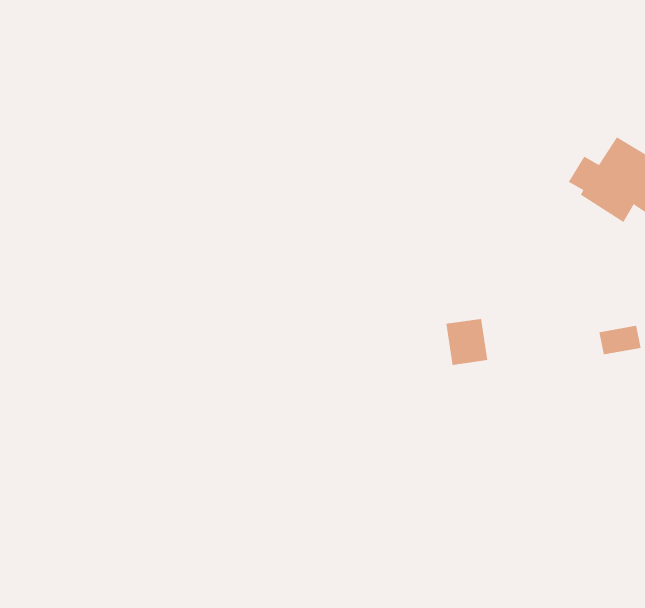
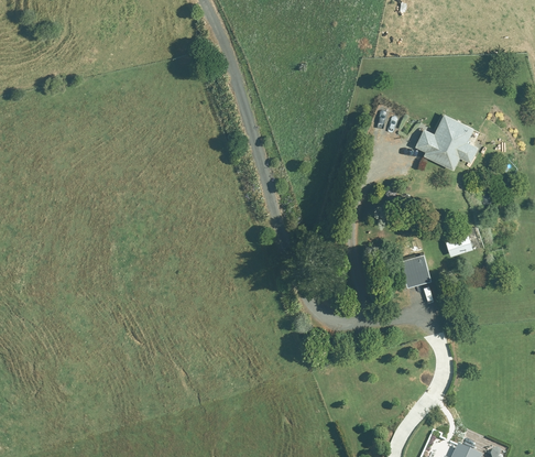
building: [445,318,488,365] -> [398,252,428,284]

